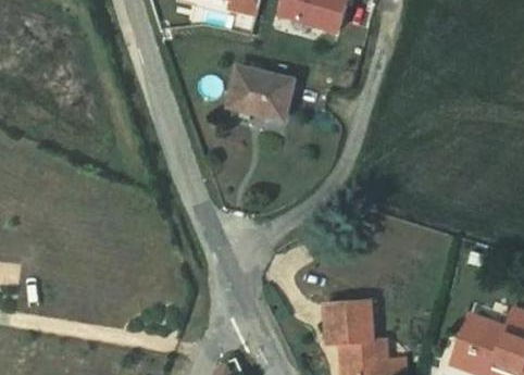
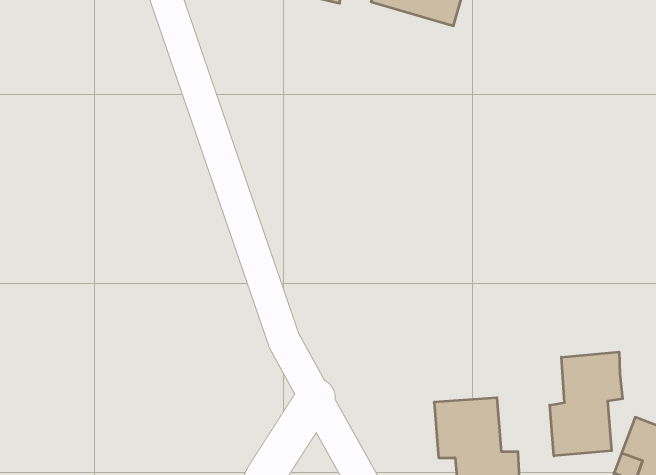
building: [228,67,292,118] -> none
building: none -> [550,352,623,456]

